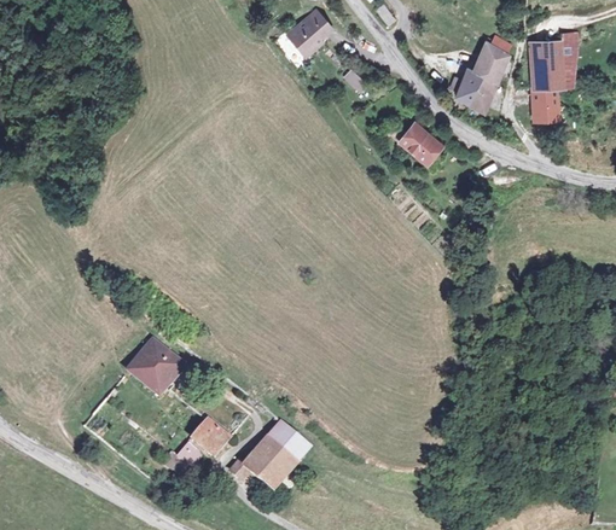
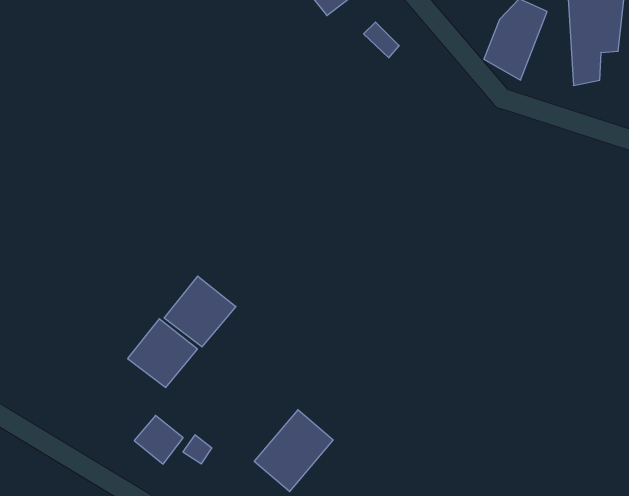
building: [395,120,444,165] -> none
building: none -> [164,276,236,347]
building: [188,417,233,461] -> [134,415,183,464]

